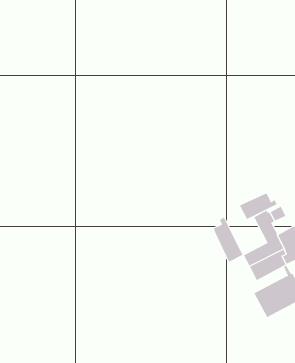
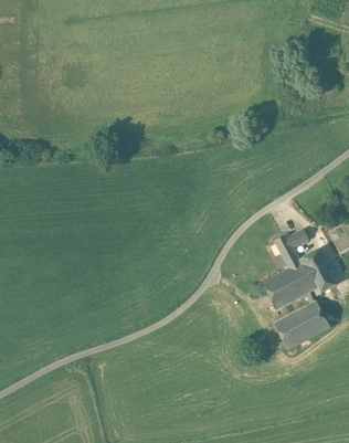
building: [239,193,278,220] -> none
building: [213,217,243,262] -> none

